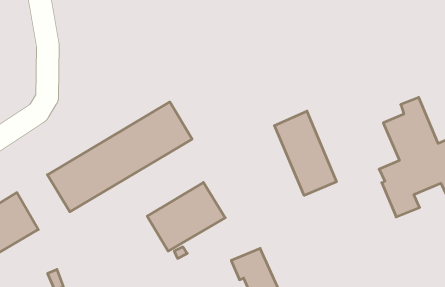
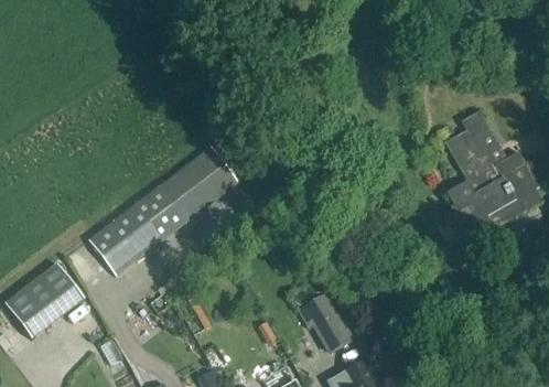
building: [274,111,336,195] -> none
building: [147,182,225,251] -> none

